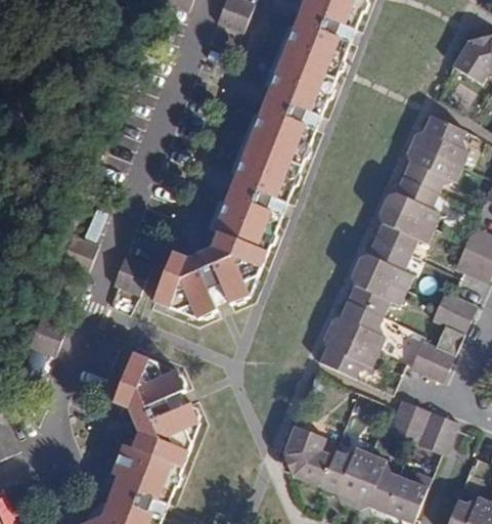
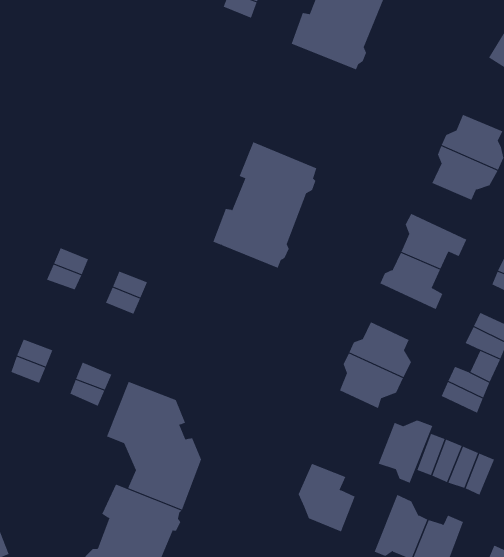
building: [243,53,336,164] -> none
building: [384,177,441,227] -> none
building: [153,232,266,318] -> none
building: [348,266,406,316] -> none
building: [322,448,371,505] -> [378,420,433,483]

